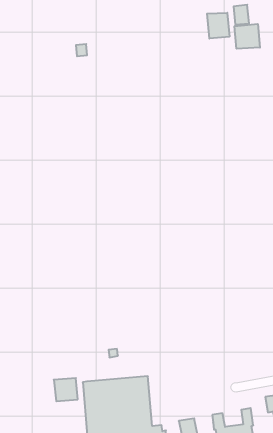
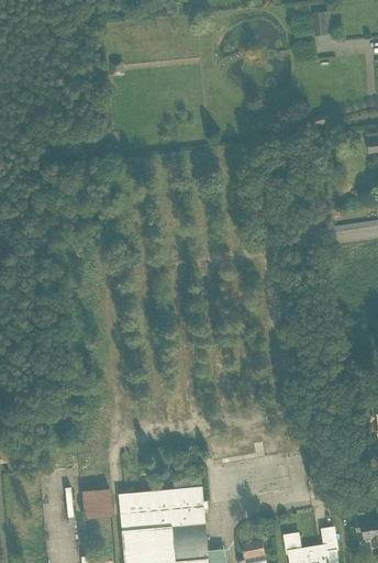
building: [207,13,229,39] -> none
building: [235,24,260,49] -> none

